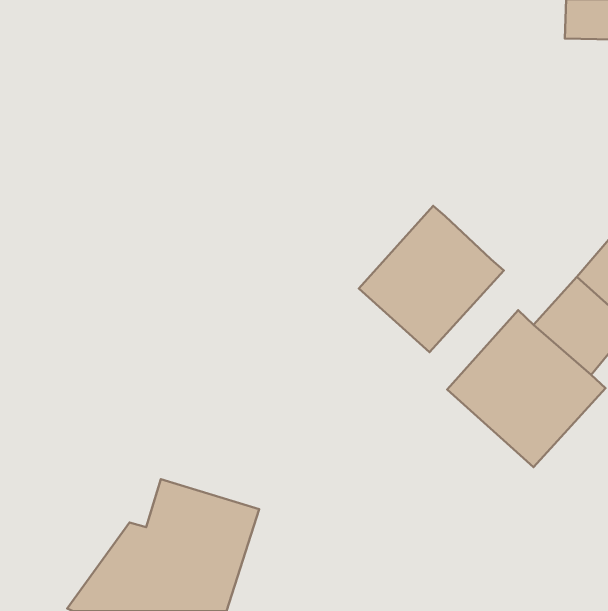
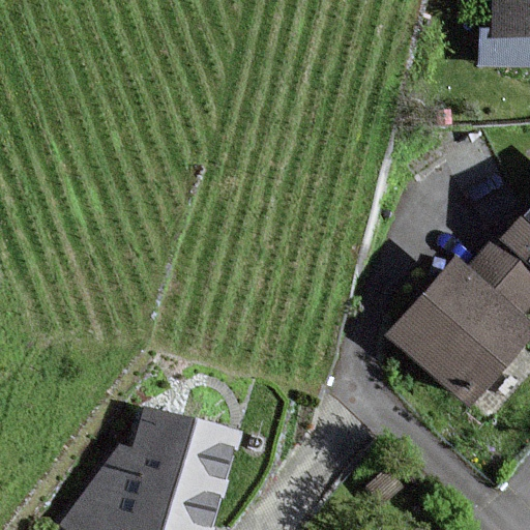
building: [359,206,504,352] -> none

